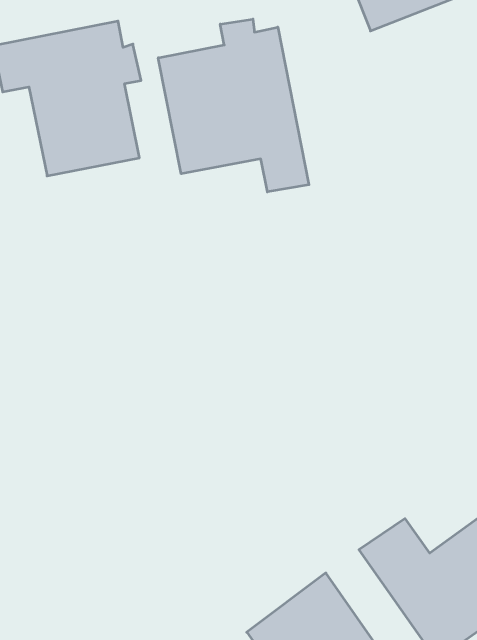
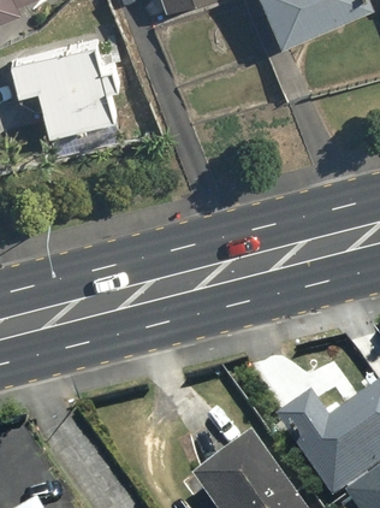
building: [158,19,309,192] -> none

